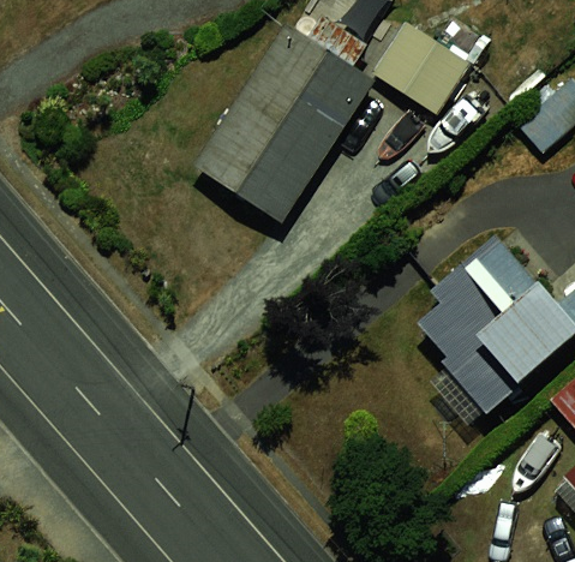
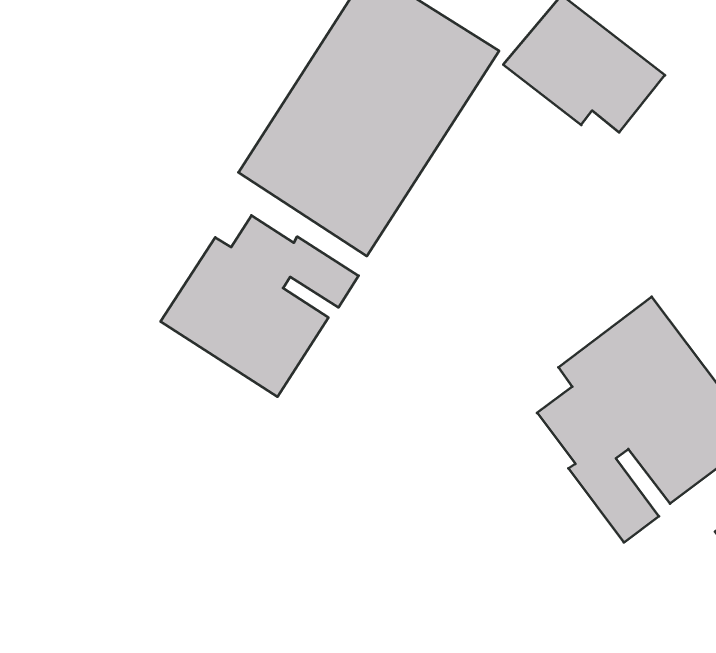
building: none -> [161,215,359,397]

